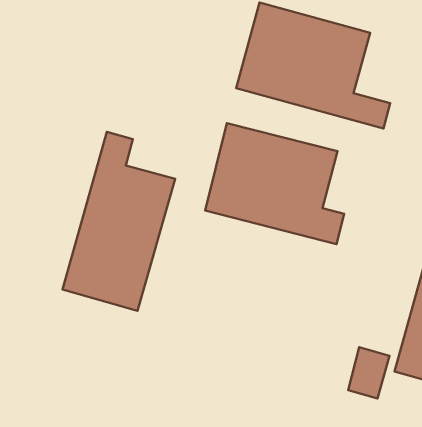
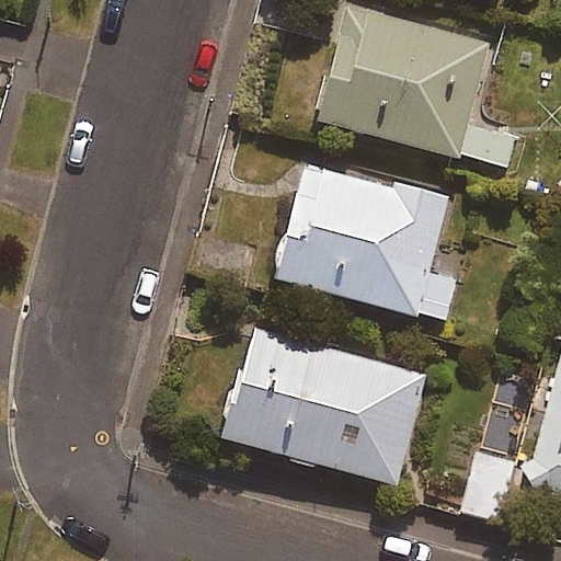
building: [62,132,175,311] -> none
building: none -> [220,327,427,486]

